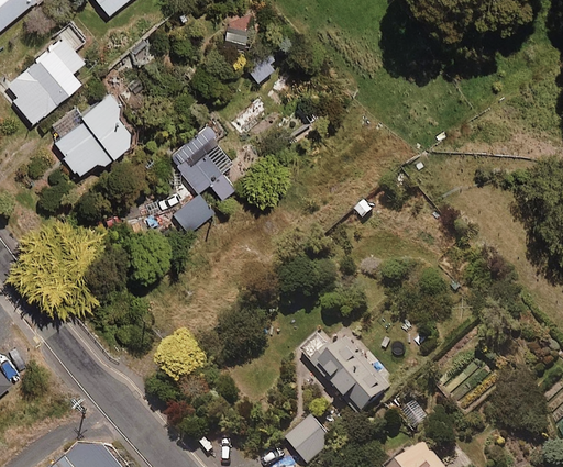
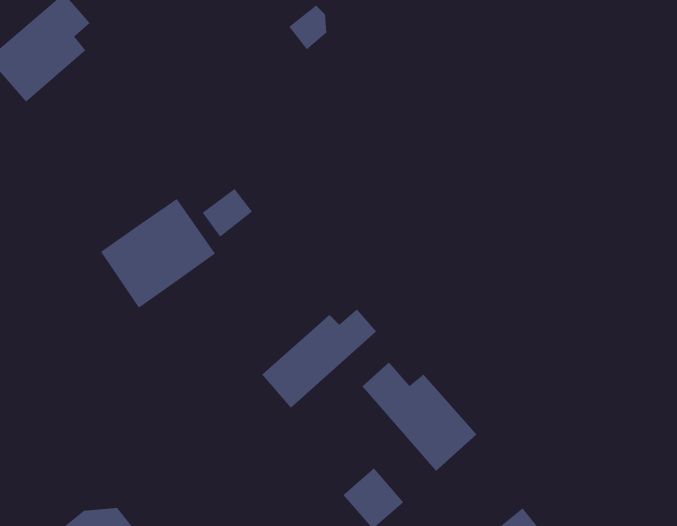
building: [49,91,142,179] -> [100,198,216,308]
building: [178,142,234,198] -> none
building: none -> [261,309,377,408]

